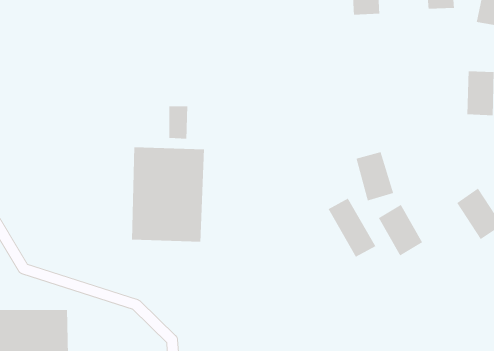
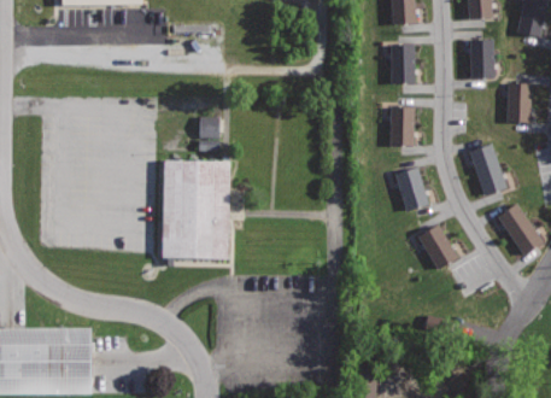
building: none -> [467,37,496,84]
building: none -> [389,41,418,88]
building: none -> [387,105,417,152]
building: none -> [467,144,506,195]
building: [327,198,376,258] -> none

